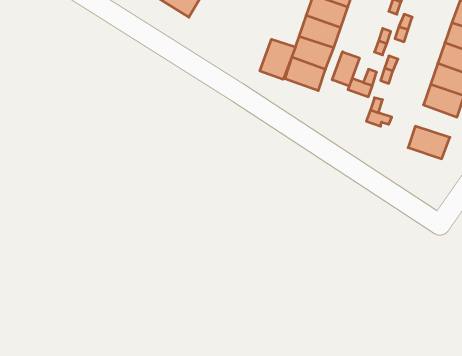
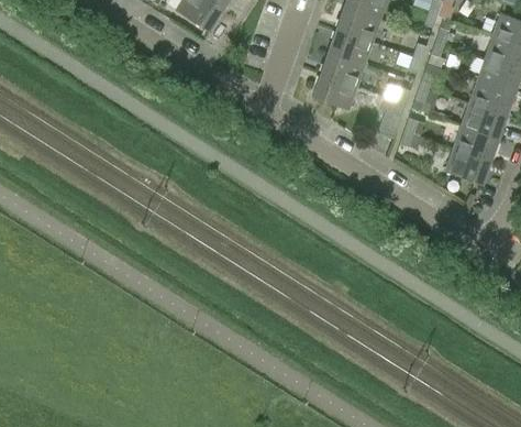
building: [260,39,295,79] -> none
building: [332,52,359,86] -> none
building: none -> [453,125,498,161]

